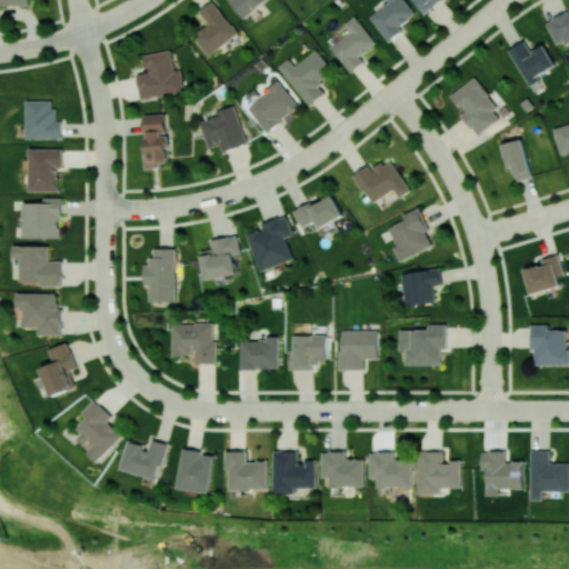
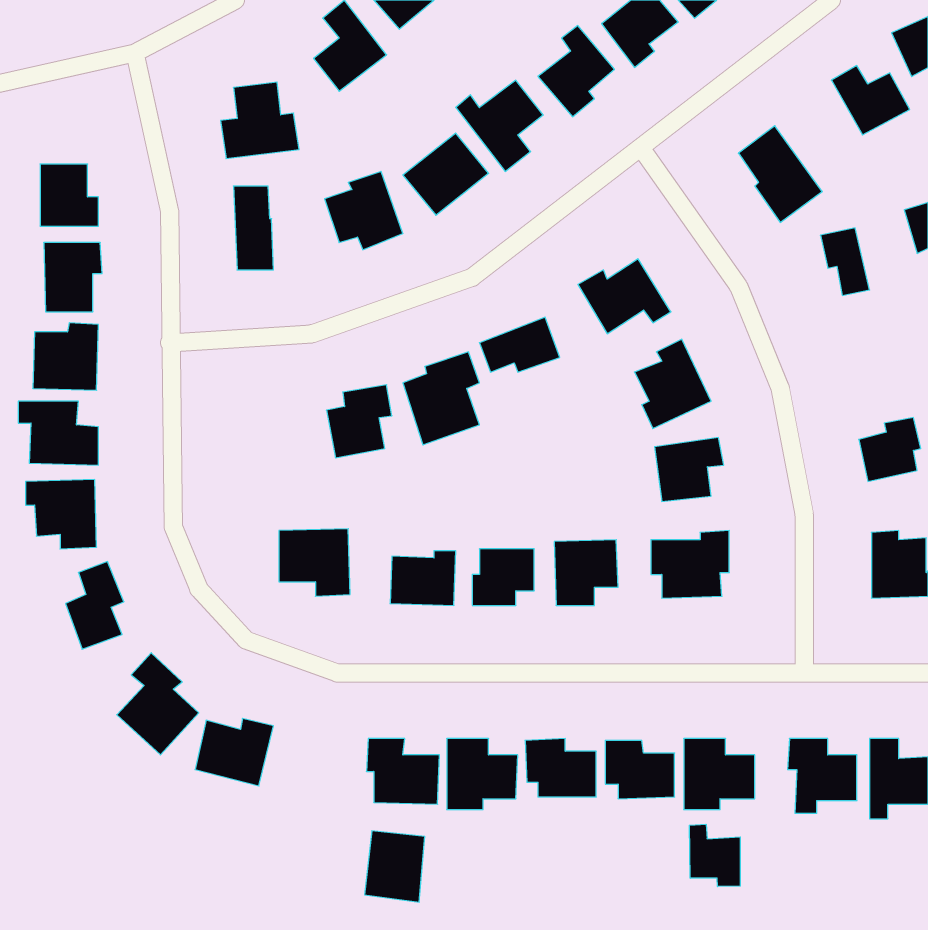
building: [142,248,174,302] -> none
building: [176,450,212,493] -> [365,831,425,902]
building: none -> [689,824,740,887]

